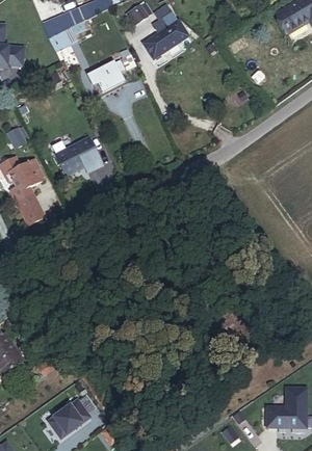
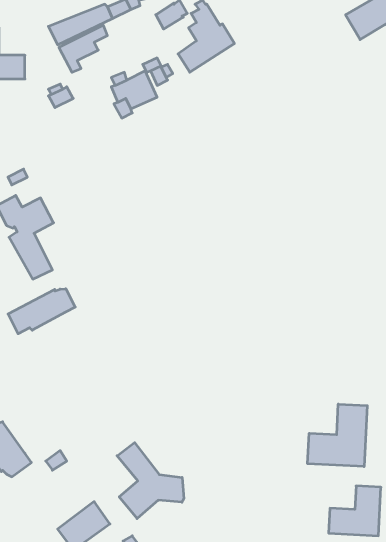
building: [55,137,102,176] -> none
building: none -> [8,289,75,334]
building: none -> [308,404,367,467]
building: none -> [117,443,184,519]

